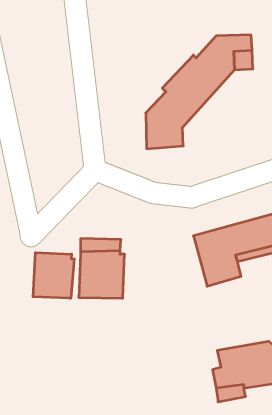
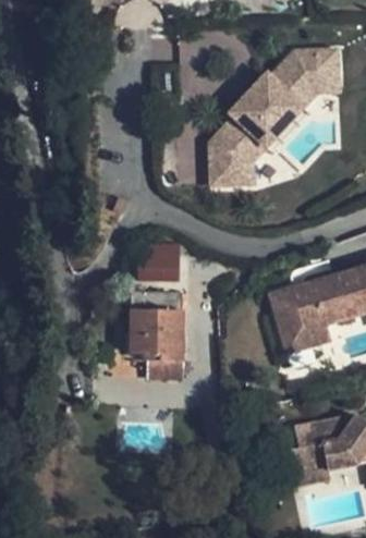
building: none -> [138,243,181,281]
building: [33,253,74,298] -> none

